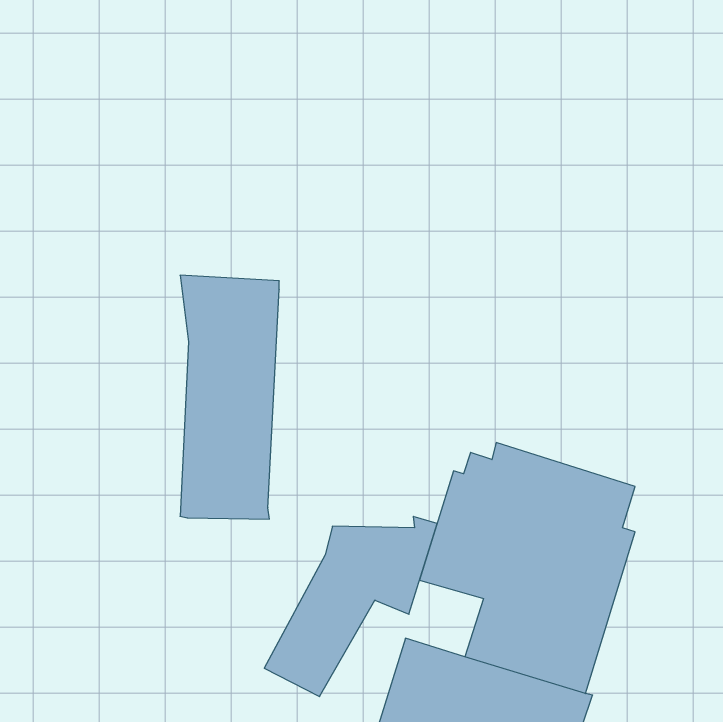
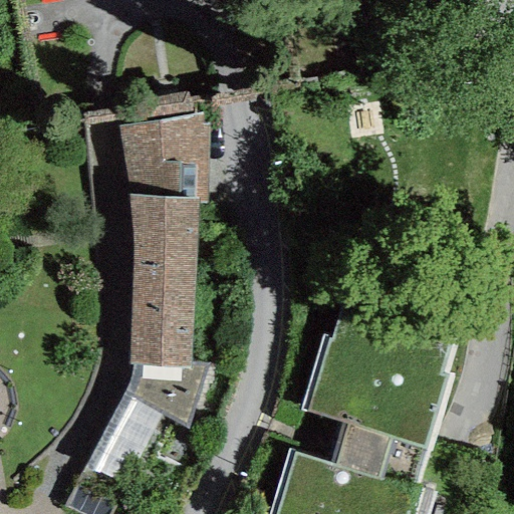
building: none -> [115,94,212,207]
building: [264,516,437,697] -> [85,361,208,489]

